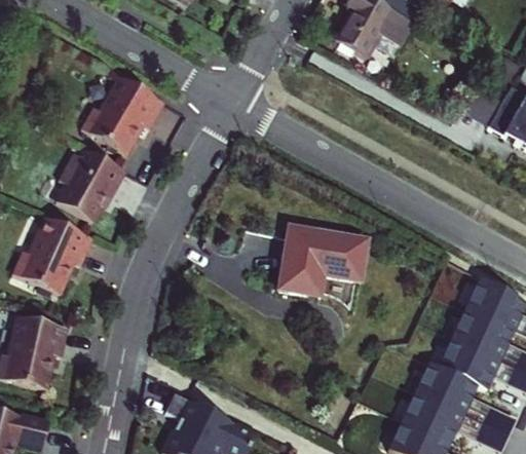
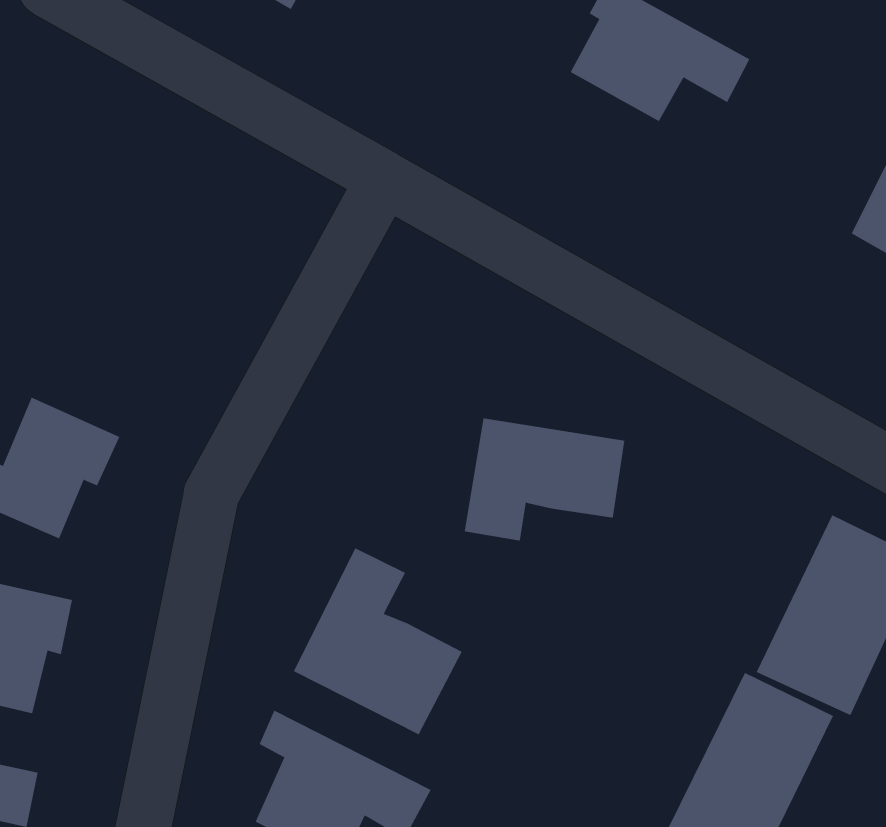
building: [80,75,163,153] -> none
building: [55,147,125,220] -> none
building: none -> [293,548,463,735]

